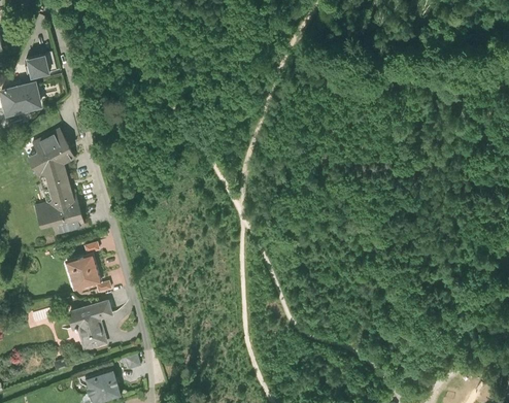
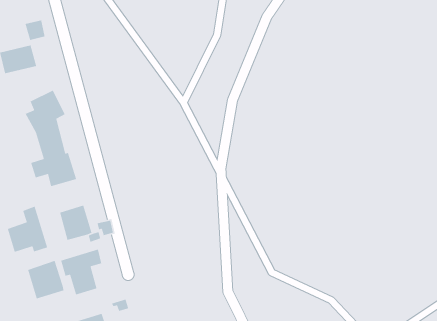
building: none -> [7,206,48,253]
building: none -> [27,260,64,299]

